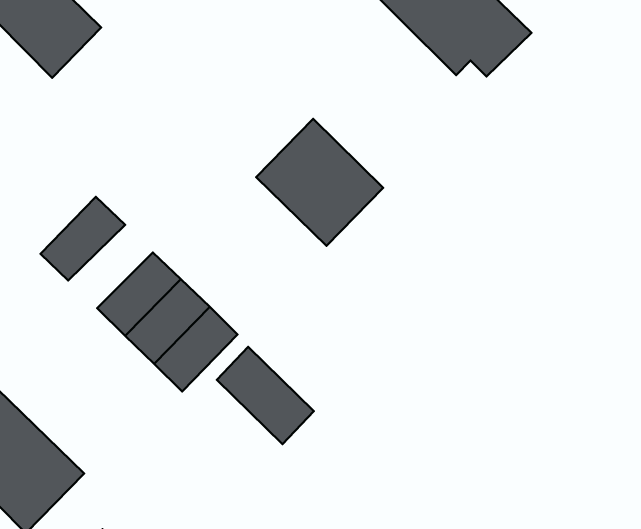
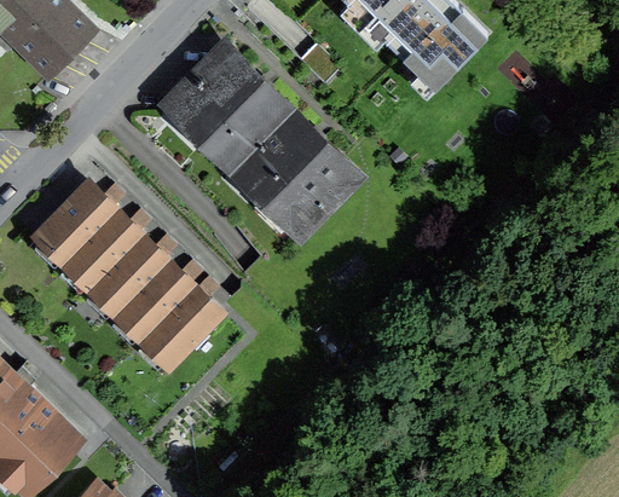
building: none -> [172,50,288,164]
building: none -> [64,208,141,284]
building: [217,347,314,444] -> none

